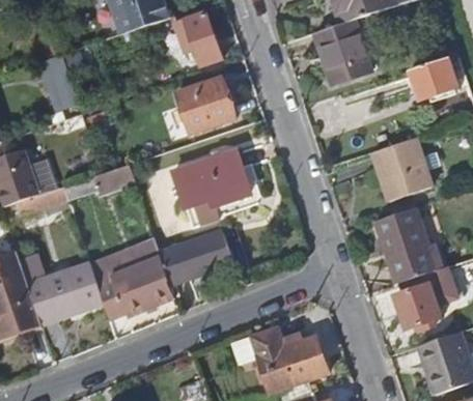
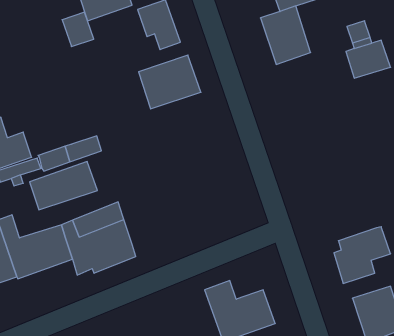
building: [35,55,71,93] -> [62,12,94,47]
building: [372,136,429,199] -> none
building: [172,150,249,205] -> none
building: [375,206,442,282] -> none
building: [159,231,234,285] -> [30,162,97,210]

